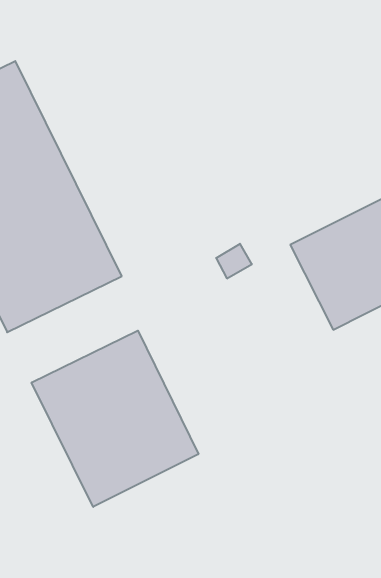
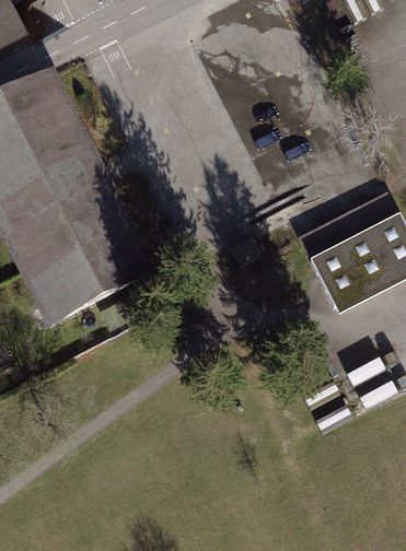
building: [32,331,198,507] -> none

